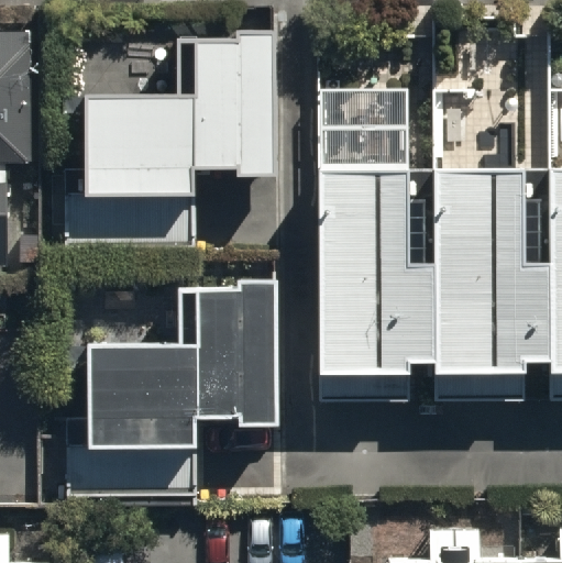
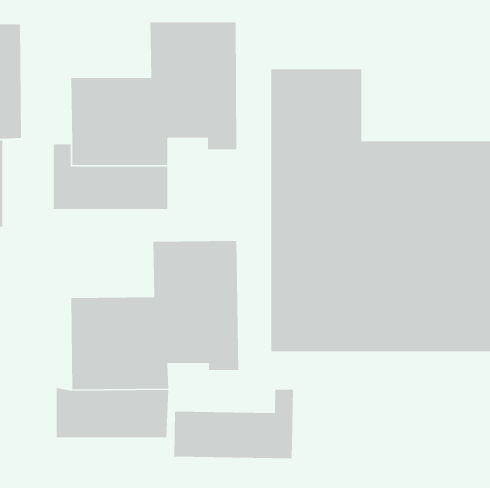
building: none -> [173,389,294,459]

